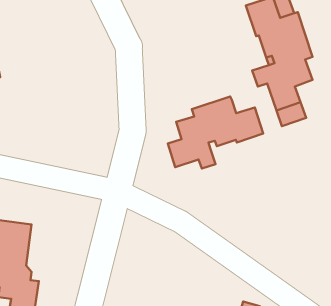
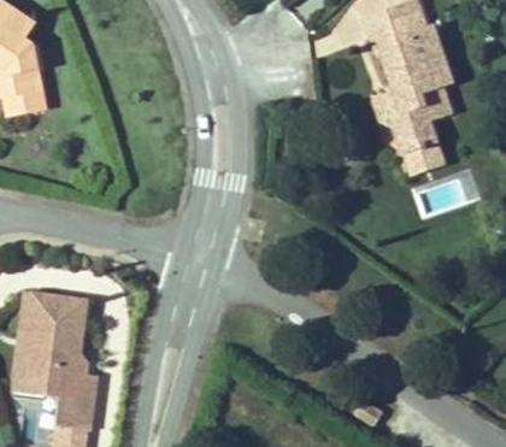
building: [168,96,263,168] -> none

